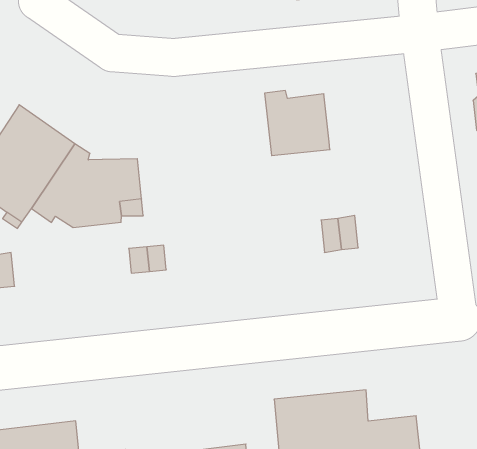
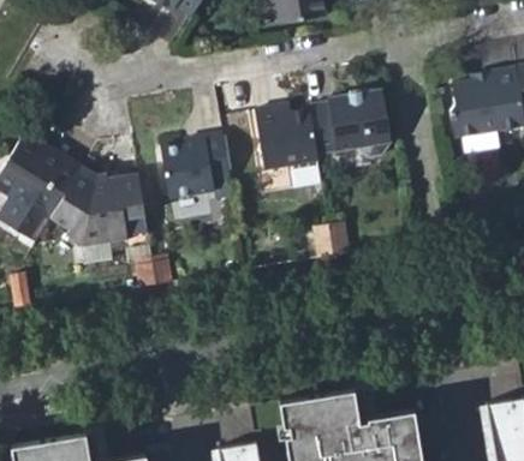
building: none -> [308,89,391,157]
building: none -> [160,133,228,202]

